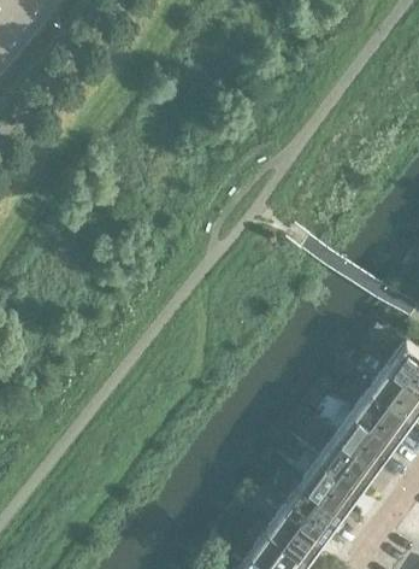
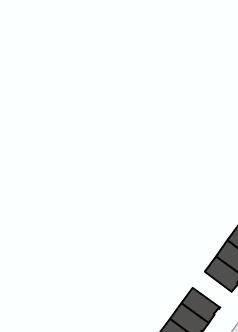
building: [318,441,376,494] -> none

